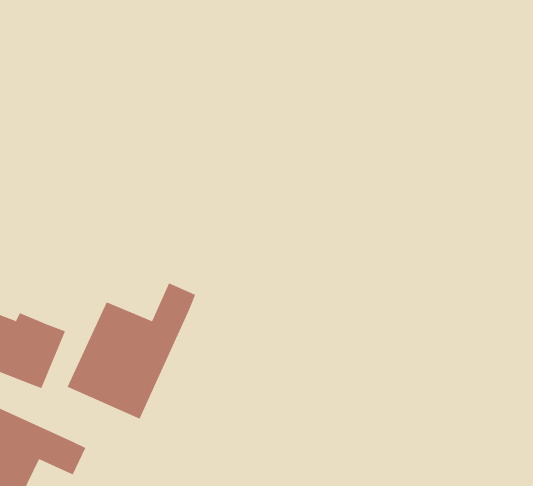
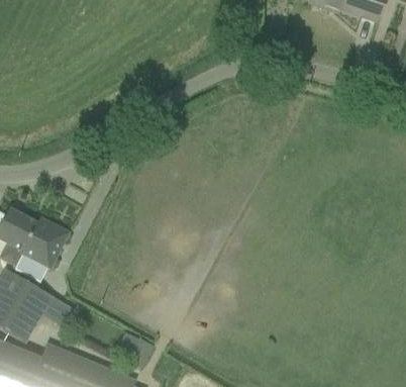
building: [67,283,196,419] -> none

